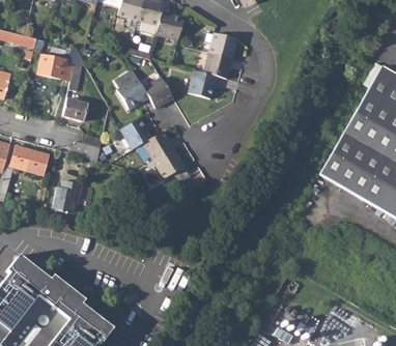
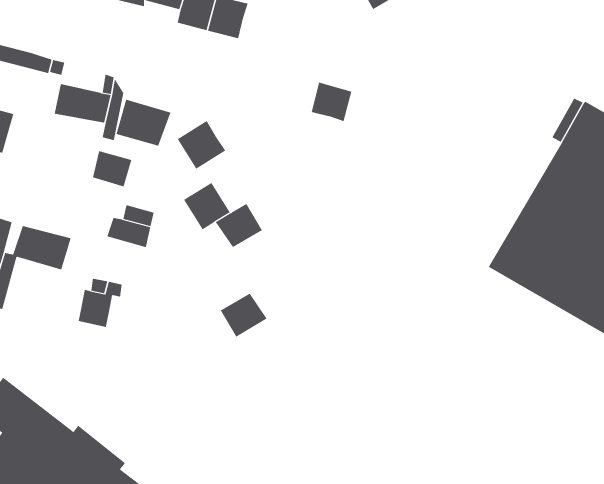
building: [155,12,183,40] -> none
building: [209,34,236,60] -> none
building: none -> [116,99,171,146]
building: [189,71,217,99] -> none
building: [143,78,173,109] -> none
building: [153,150,185,179] -> [220,293,268,338]

